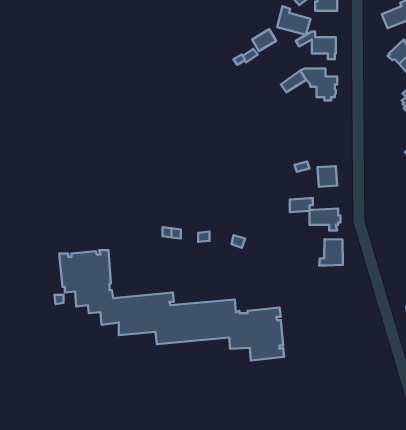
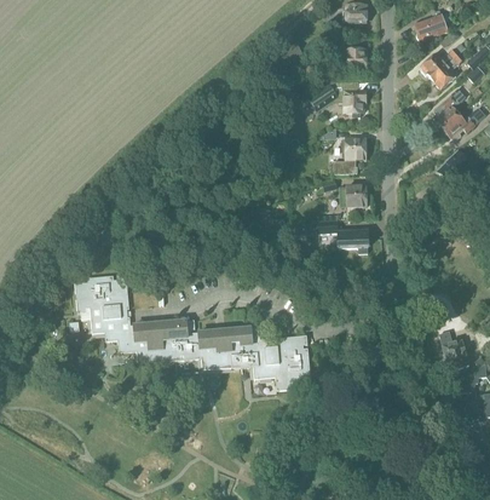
building: [277,6,310,35] -> none
building: none -> [334,137,367,173]
building: [319,239,343,265] -> none

